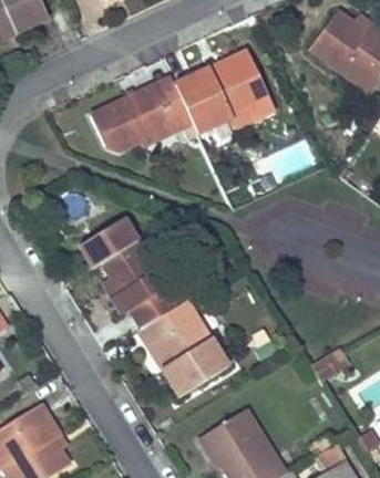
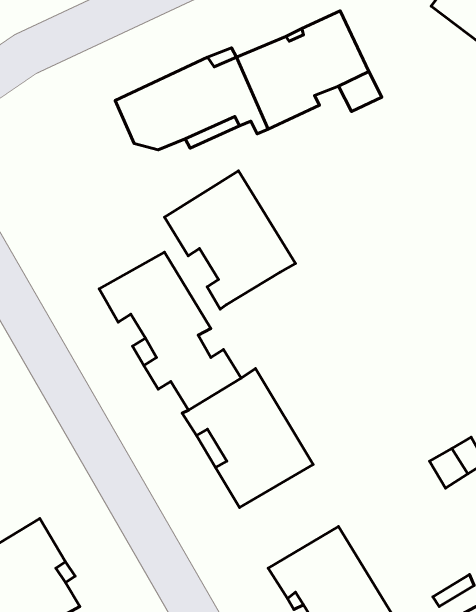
building: none -> [165,171,296,309]

